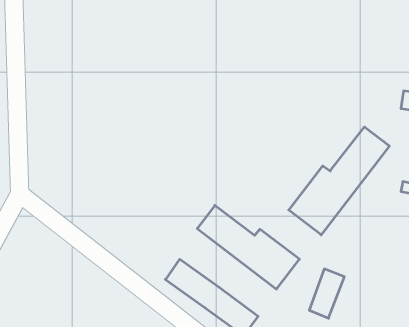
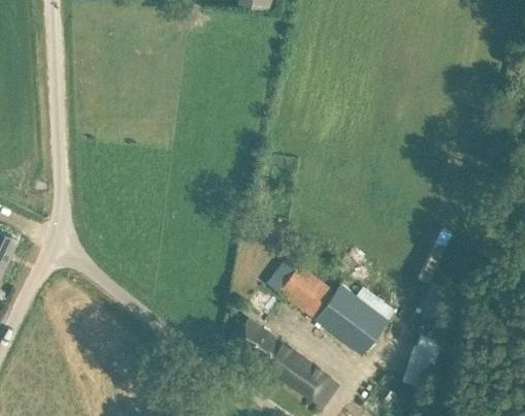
building: [289,127,389,235] -> none

